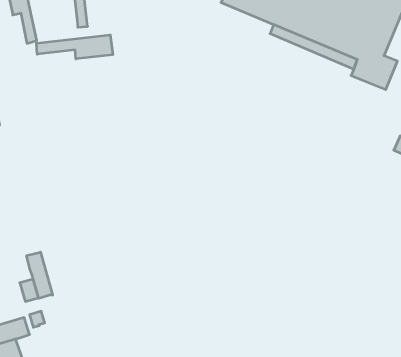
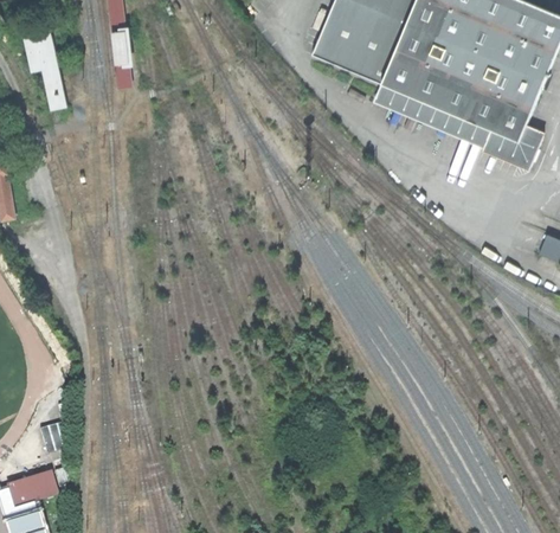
building: [37,35,113,59] -> none
building: [27,252,53,298] -> none

